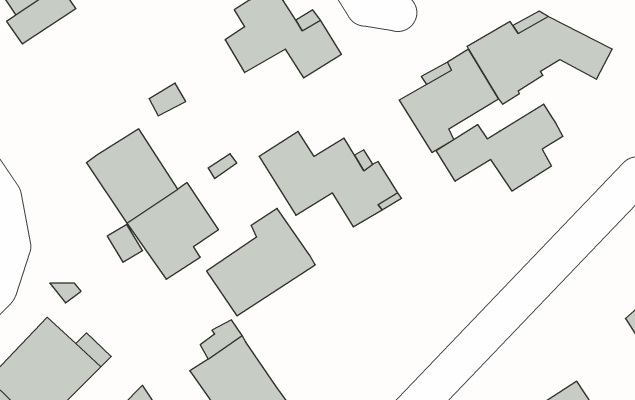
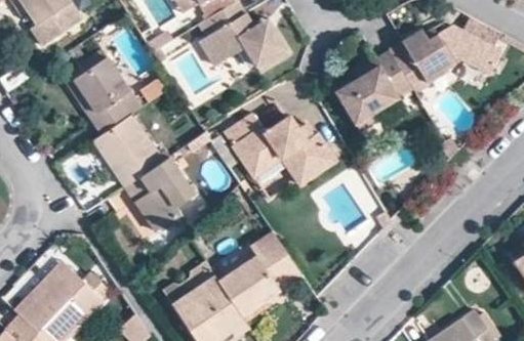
building: none -> [73,56,142,133]
building: [436,104,563,191] -> none
building: [207,208,315,316] -> [216,230,301,314]

